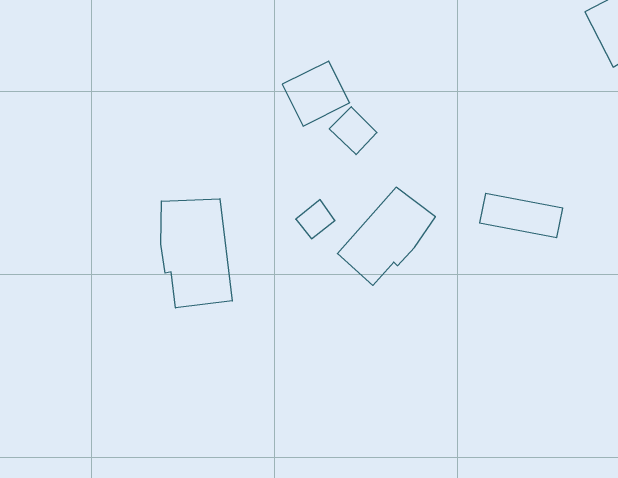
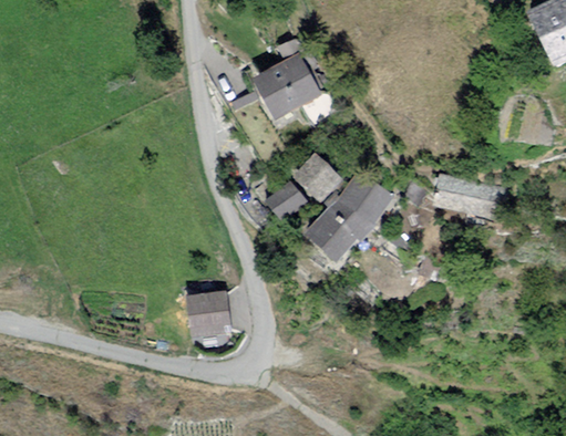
building: [329,107,377,155] -> [296,155,339,198]
building: [161,199,232,308] -> none
building: none -> [188,292,228,331]

